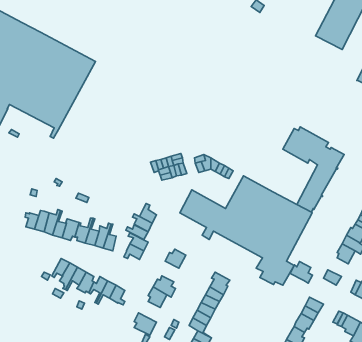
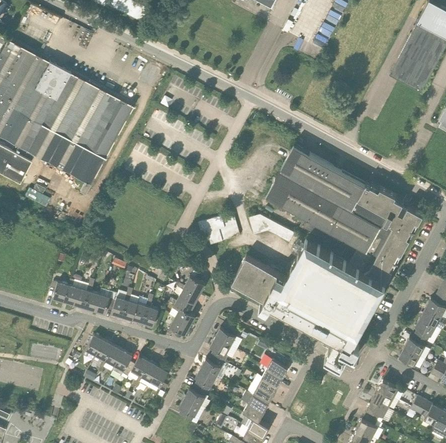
building: none -> [266,145,392,272]
building: none -> [210,338,237,362]
building: [290,262,312,283] -> [404,334,430,359]
building: none -> [184,385,210,410]

